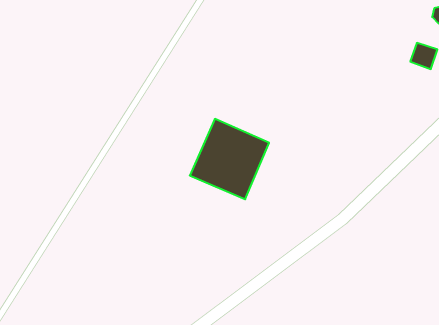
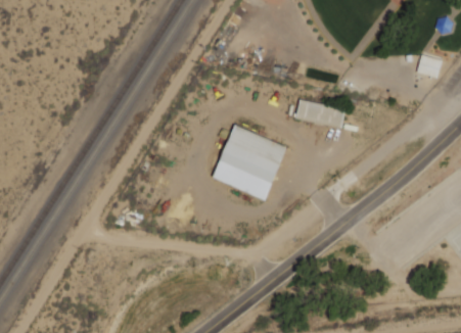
building: none -> [296,99,347,129]

